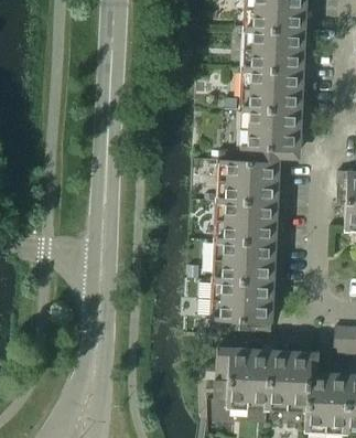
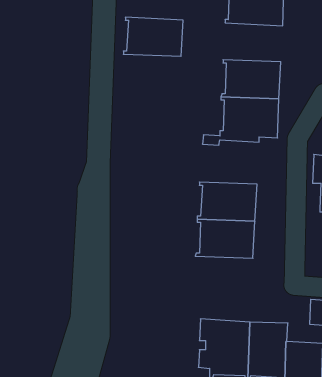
building: [241,29,305,71] -> [123,17,183,56]
building: [216,154,280,202] -> none
building: [211,279,273,331] -> none

